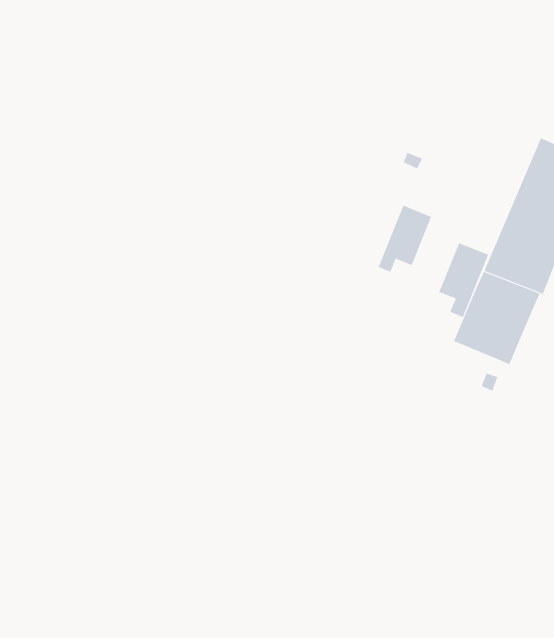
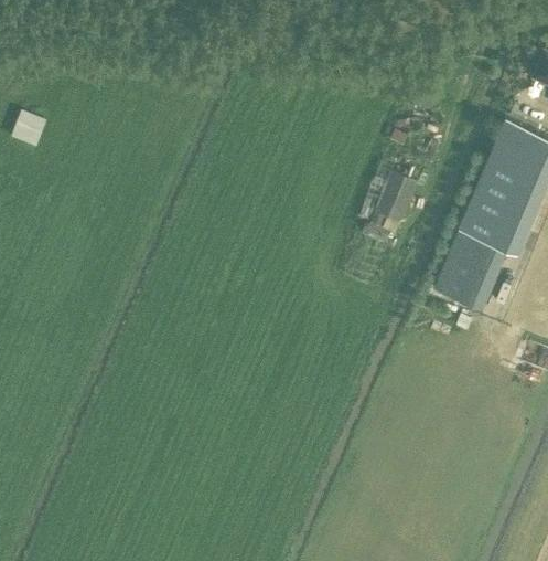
building: [439,242,489,318] -> none

